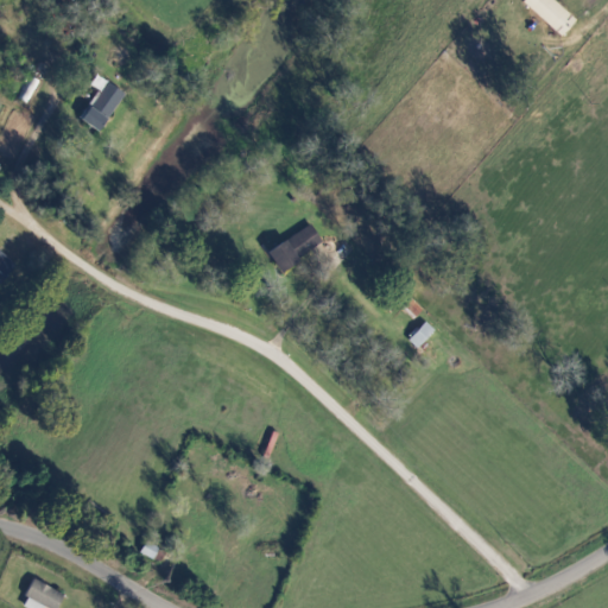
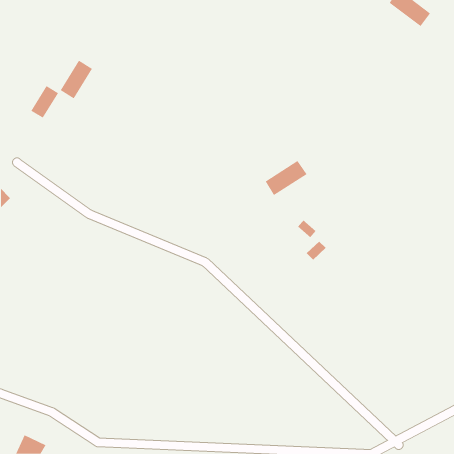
building: none -> [31,85,59,119]
building: [267,222,324,270] -> [265,160,308,196]

